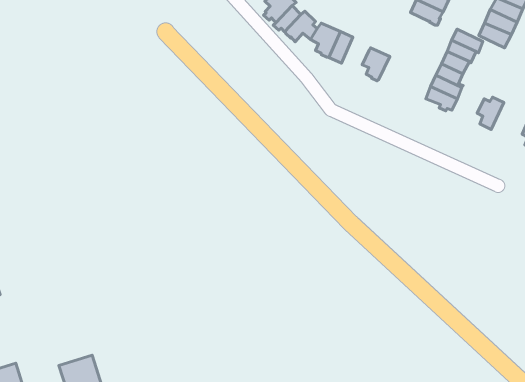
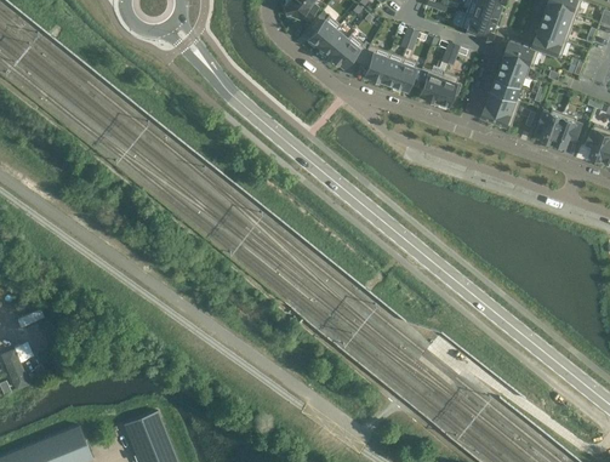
building: none -> [390,58,420,93]
building: none -> [432,73,460,109]
building: none -> [553,114,581,147]

